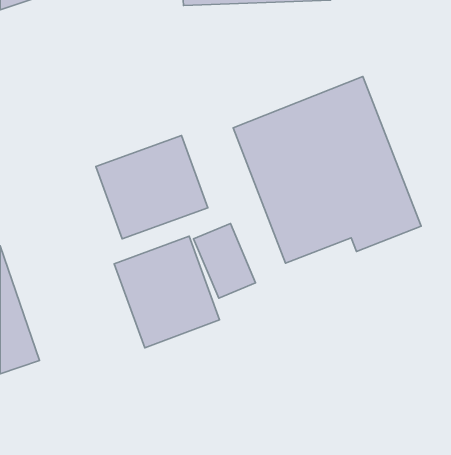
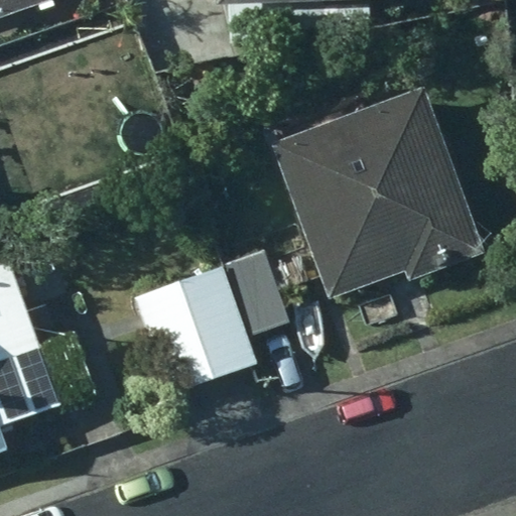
building: [96,136,208,239] -> none

